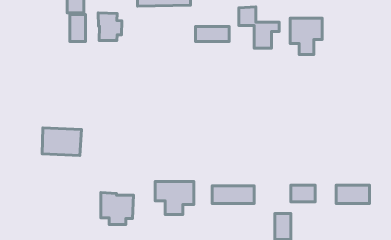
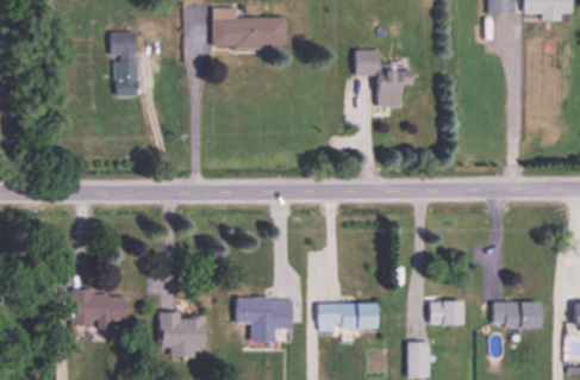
building: [98,13,122,40] -> none
building: [290,18,322,55] -> none
building: [195,27,229,42] -> none
building: [42,128,81,155] -> [70,292,126,331]

